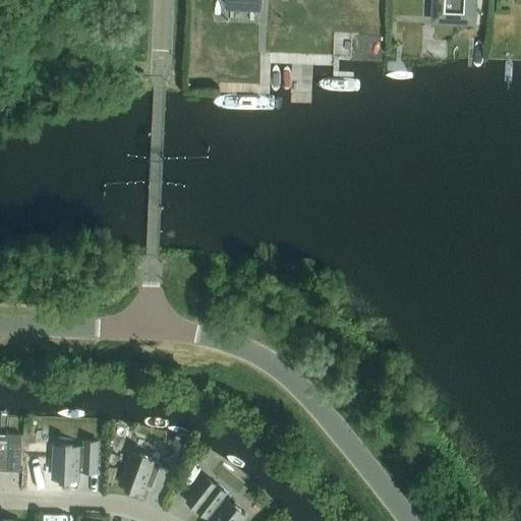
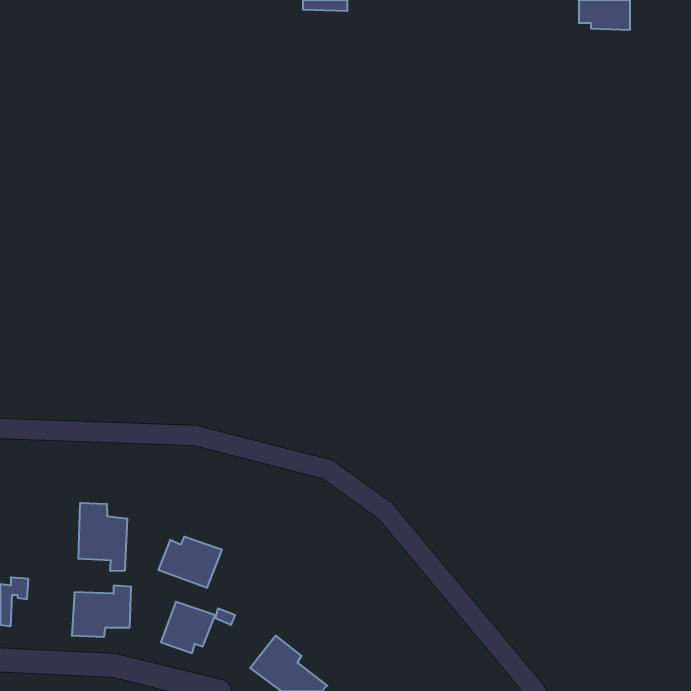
building: none -> [79,503,127,571]
building: none -> [159,537,222,588]

